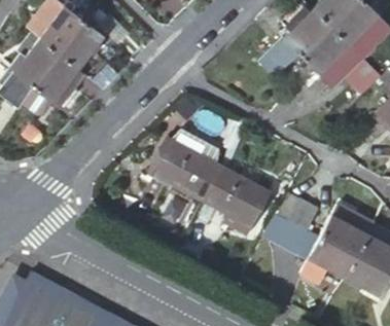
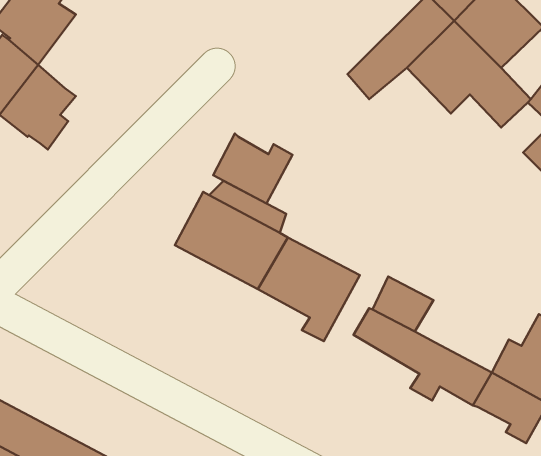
building: [59,22,103,70] -> none
building: none -> [213,134,293,204]
building: [319,215,367,256] -> none

